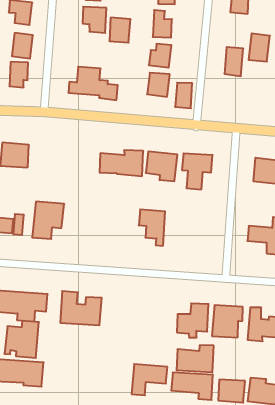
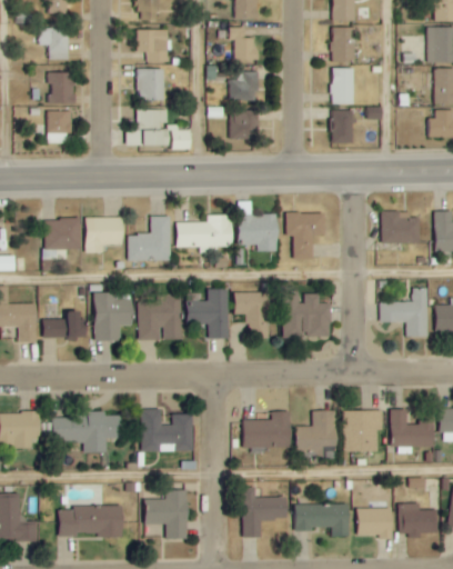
building: [109,18,131,43] -> [138,69,164,100]
building: [249,33,270,62] -> [330,27,355,62]
building: [175,83,192,108] -> [332,110,353,143]
building: none -> [84,217,123,253]
building: none -> [128,217,172,261]
building: none -> [187,289,229,339]
building: none -> [137,293,182,341]
building: none -> [282,293,331,337]
building: [4,321,39,358] -> [145,491,188,539]
building: [176,345,214,372] -> [242,411,291,448]

